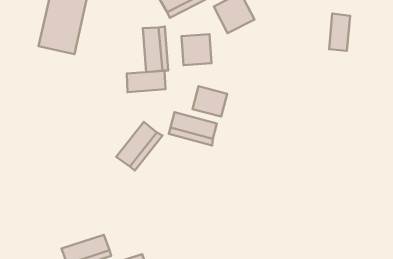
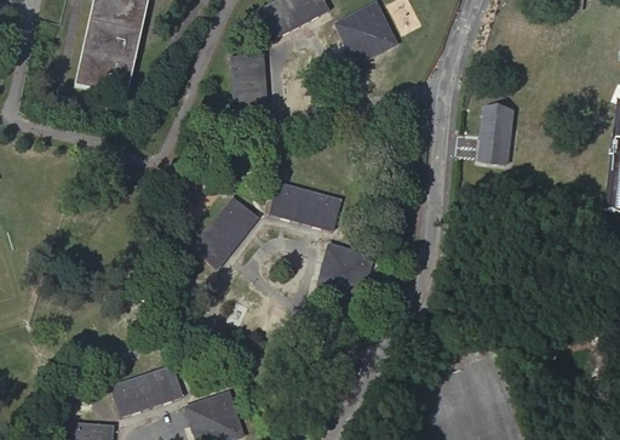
building: [329,13,350,51] -> [478,98,510,154]
building: [181,34,212,65] -> none
building: [127,71,166,92] -> none
building: [193,86,227,117] -> none
building: none -> [317,244,371,298]

